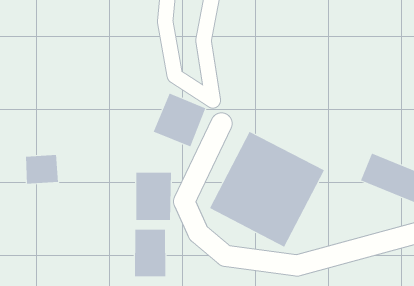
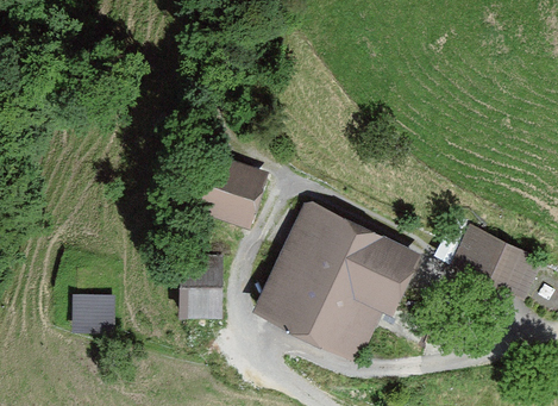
building: [25,155,59,184] -> [74,293,115,330]
building: [135,229,166,277] -> none

